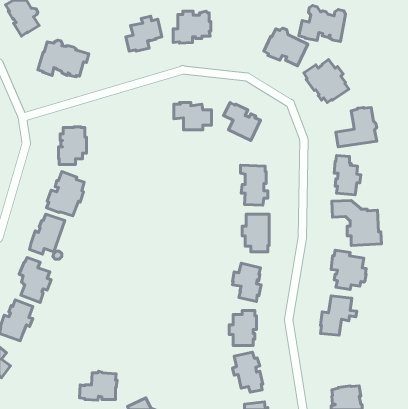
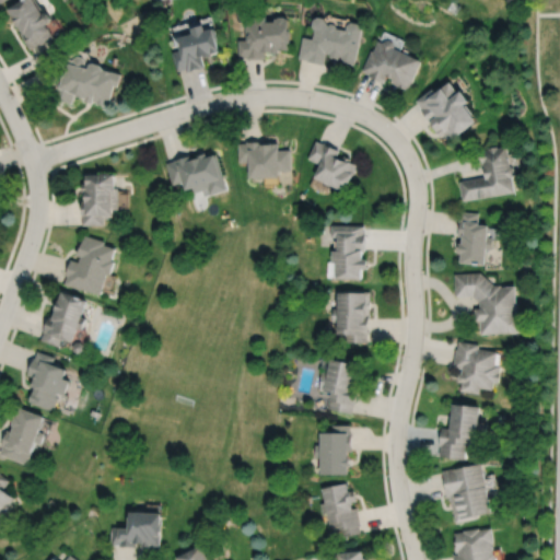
building: [299,5,345,41] -> [296,16,360,66]
building: none -> [165,153,228,196]
building: none -> [441,462,490,522]

